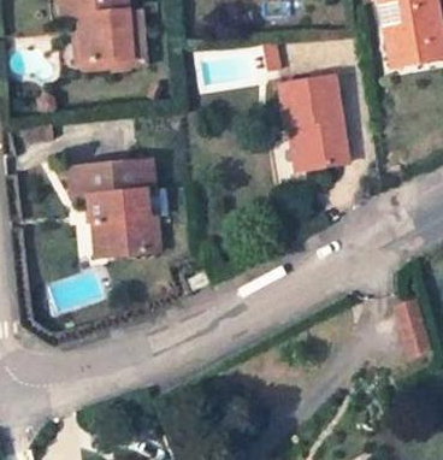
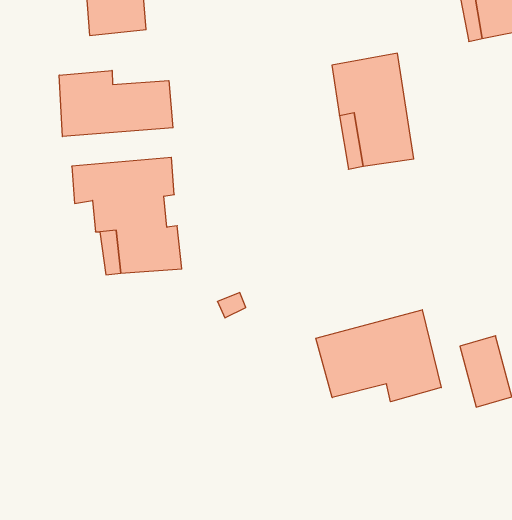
building: none -> [59,70,173,137]
building: none -> [316,310,441,402]

